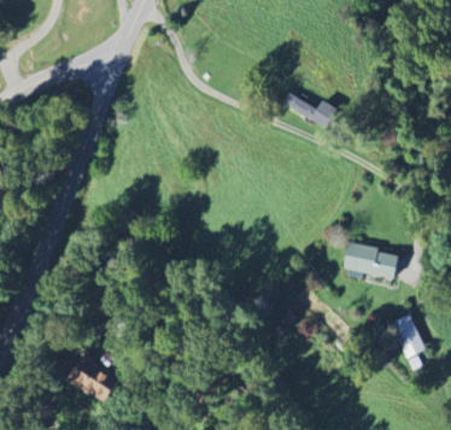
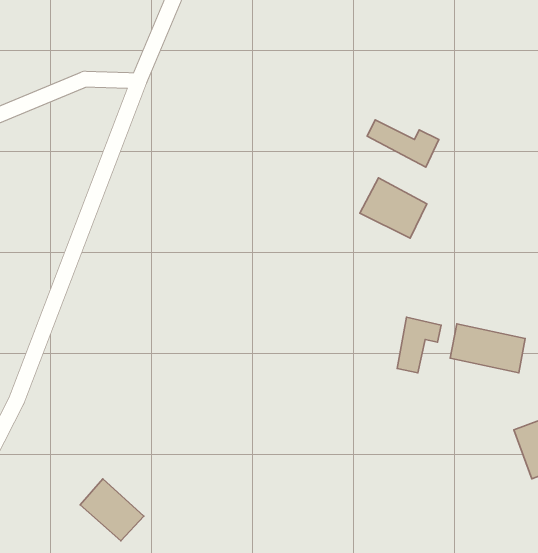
building: none -> [360,178,427,238]
building: none -> [397,317,441,373]

